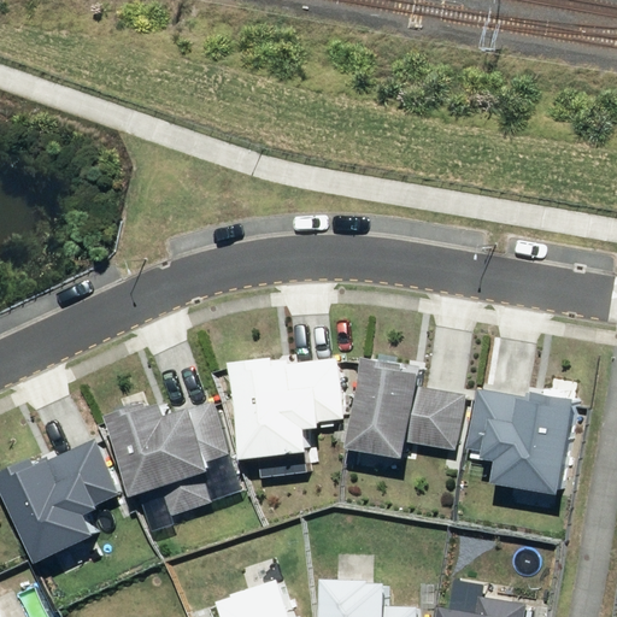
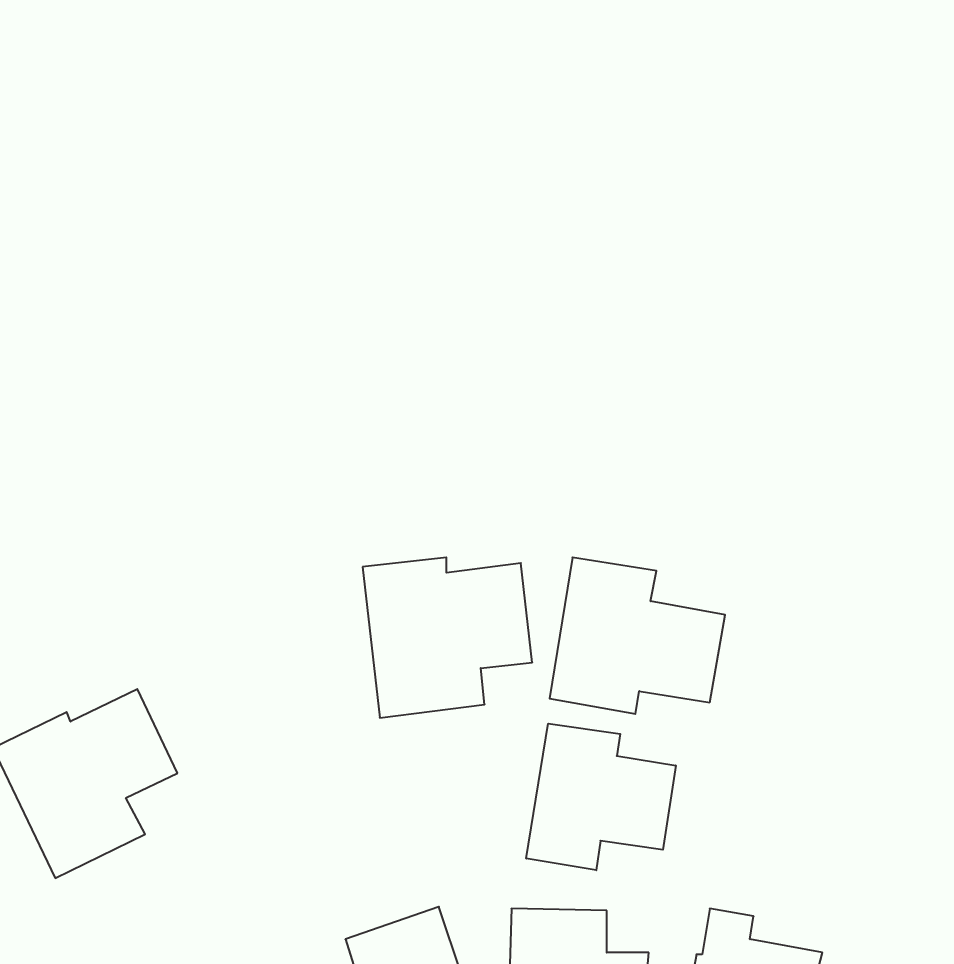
building: [460,389,571,493] -> none
building: [105,401,222,516] -> none
building: none -> [526,724,676,870]

